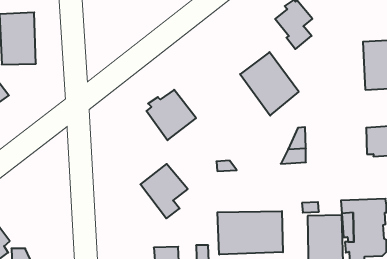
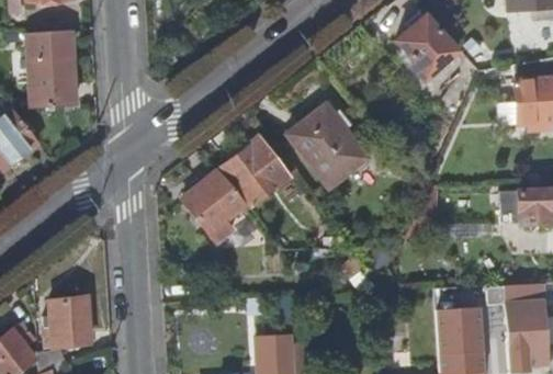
building: [240,52,299,116] -> [286,103,365,189]
building: [140,164,188,218] -> [184,169,248,242]
building: none -> [47,291,91,338]
building: [217,211,283,255] -> none

